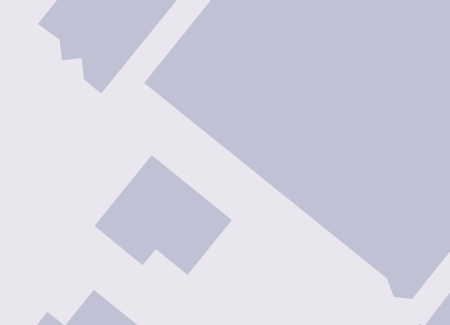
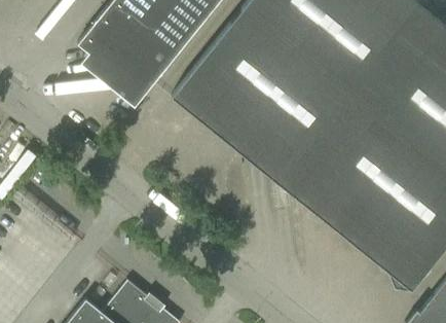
building: [93,154,233,276] -> none

